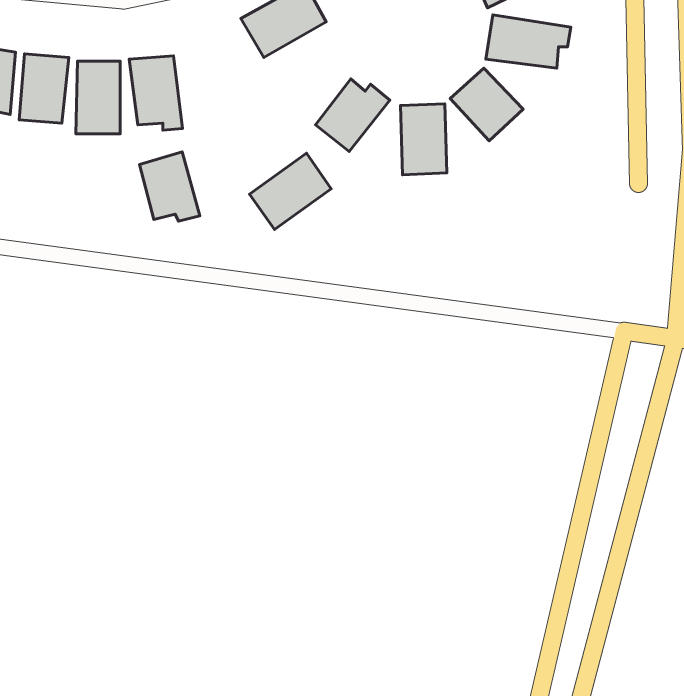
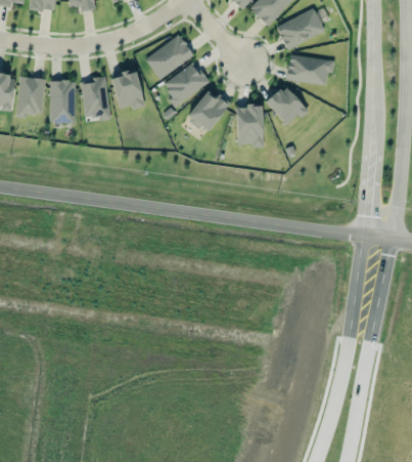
building: [140,152,200,221] -> [110,70,145,110]
building: [250,153,331,230] -> [162,61,209,106]

